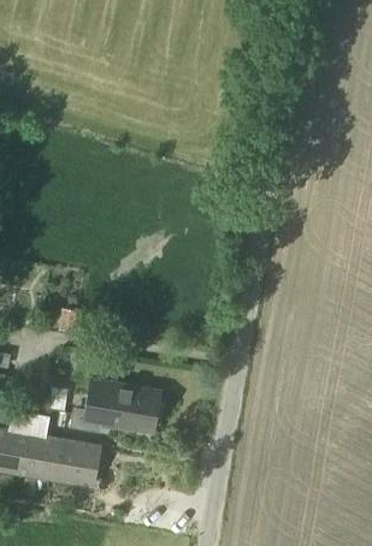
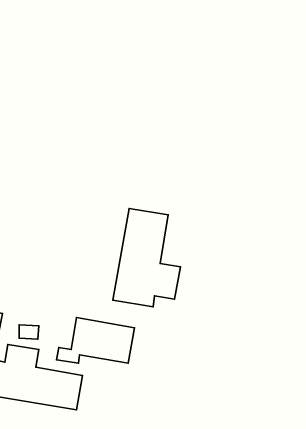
building: none -> [113,208,180,307]

